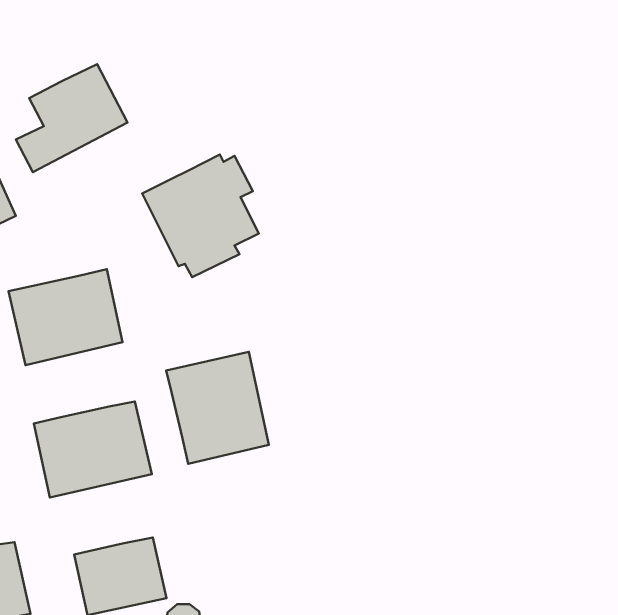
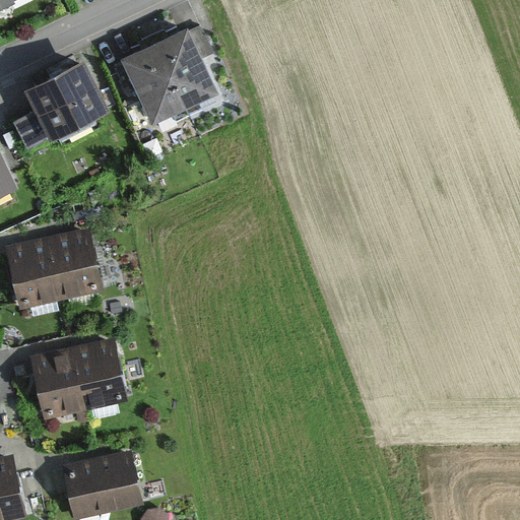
building: [142,155,259,277] -> [121,25,218,128]
building: [166,352,269,464] -> none

